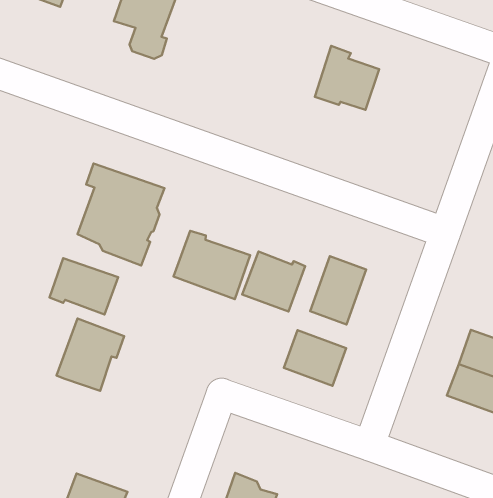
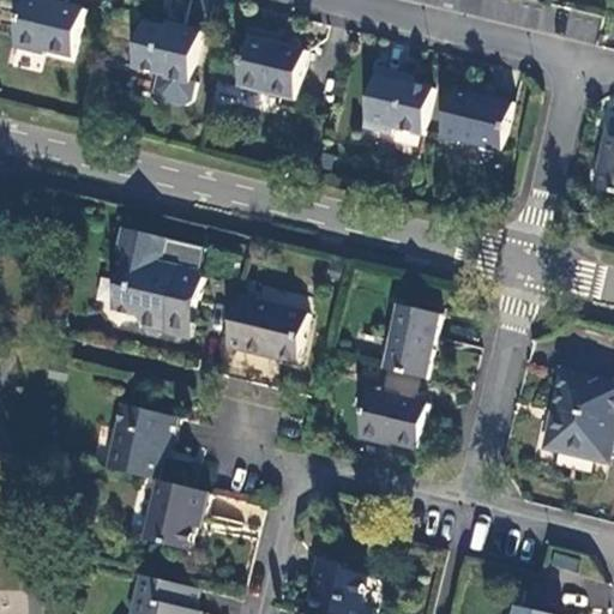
building: none -> [233,40,301,109]
building: none -> [439,92,510,152]
building: [242,251,305,312] -> none
building: [49,258,118,315] -> none
building: none -> [144,480,209,548]

